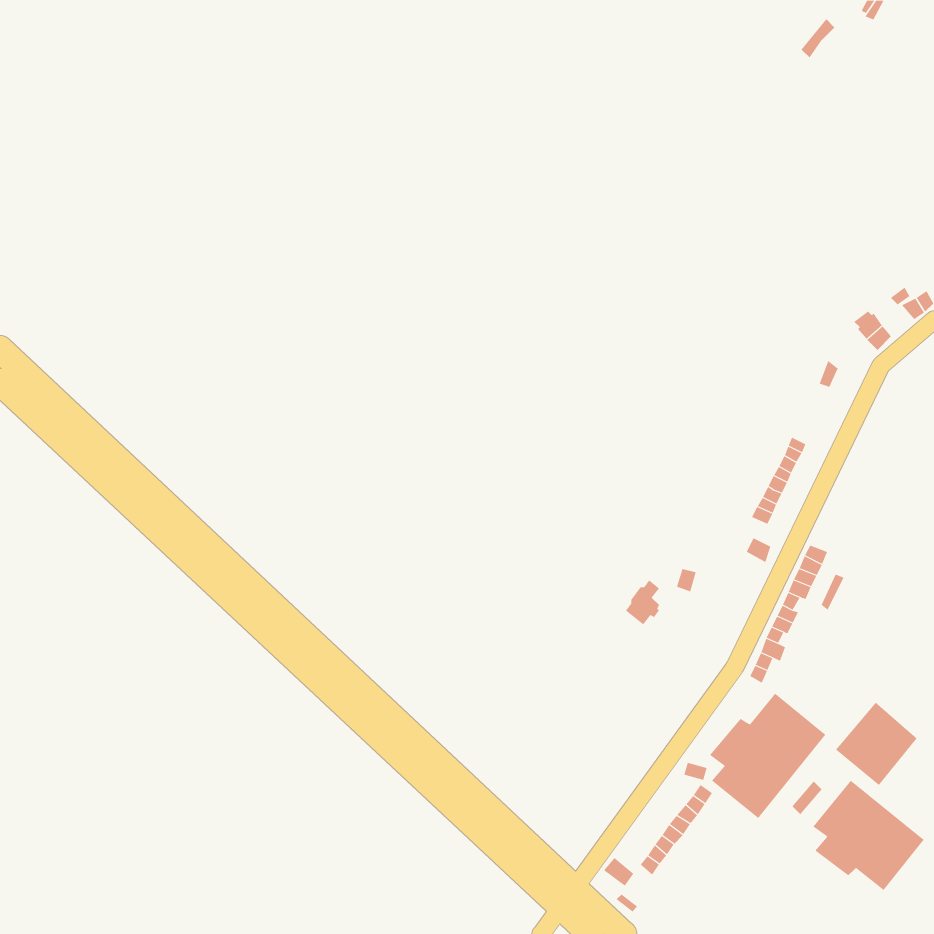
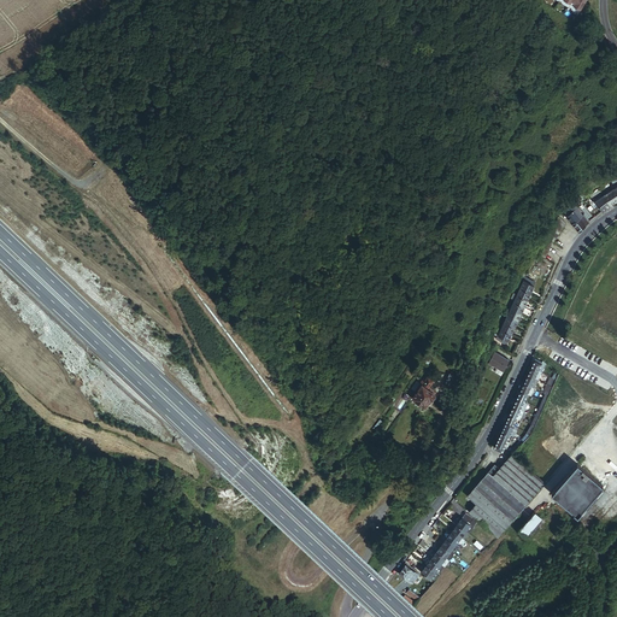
building: [813,780,924,891] -> none

